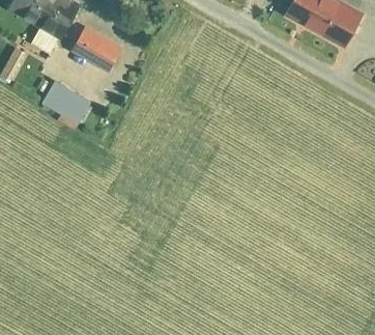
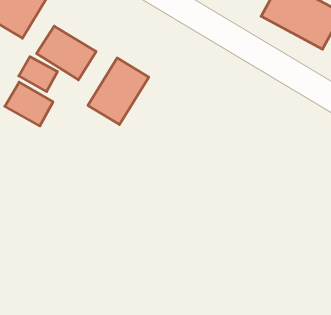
building: none -> [19,57,57,92]
building: none -> [88,58,149,125]

